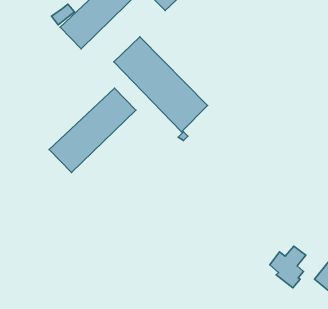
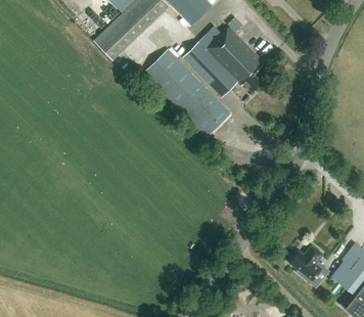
building: none -> [183,28,266,97]
building: [49,88,136,173] -> none

